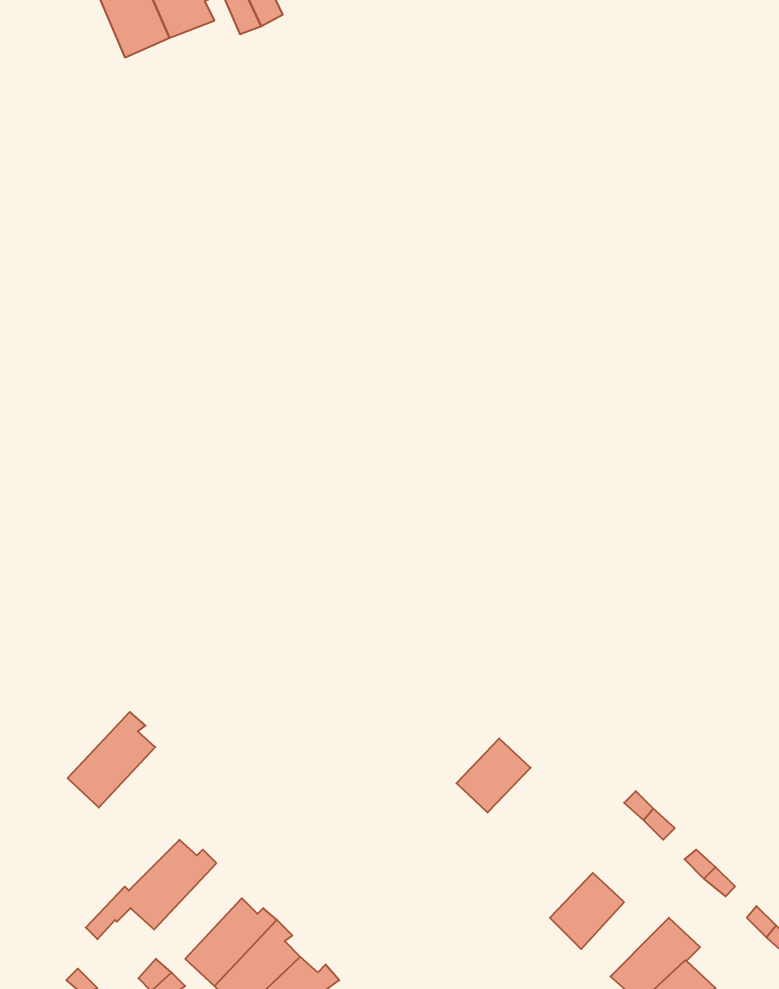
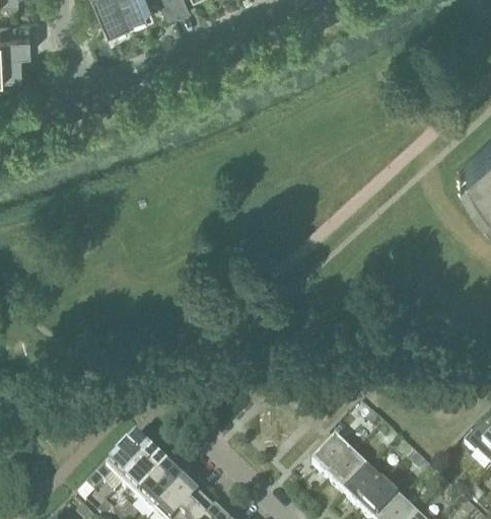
building: [68,712,155,808] -> [127,450,172,500]
building: [456,738,531,813] -> [317,440,355,478]
building: none -> [349,470,388,509]

